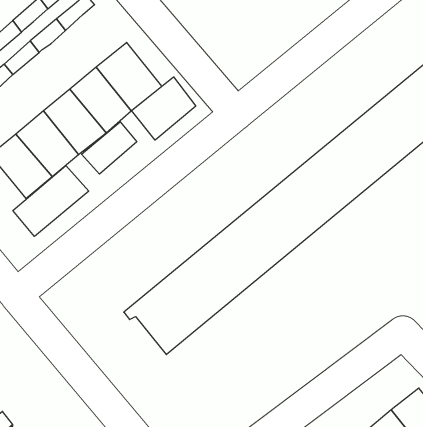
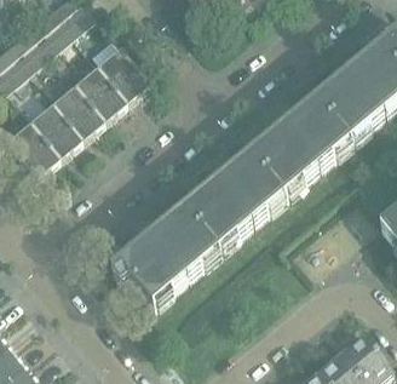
building: [131,77,196,140] -> none
building: [82,122,137,174] -> none
building: [13,165,89,236] -> none

